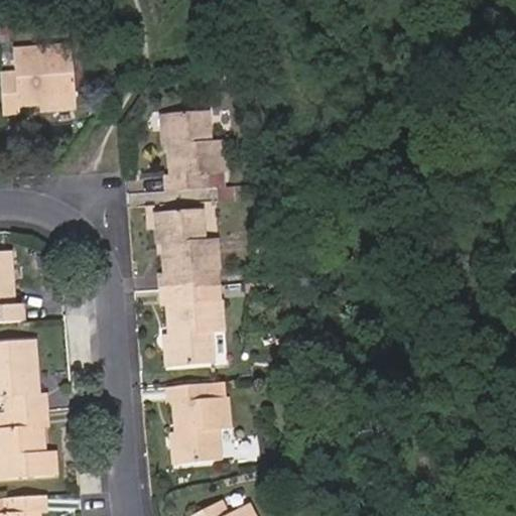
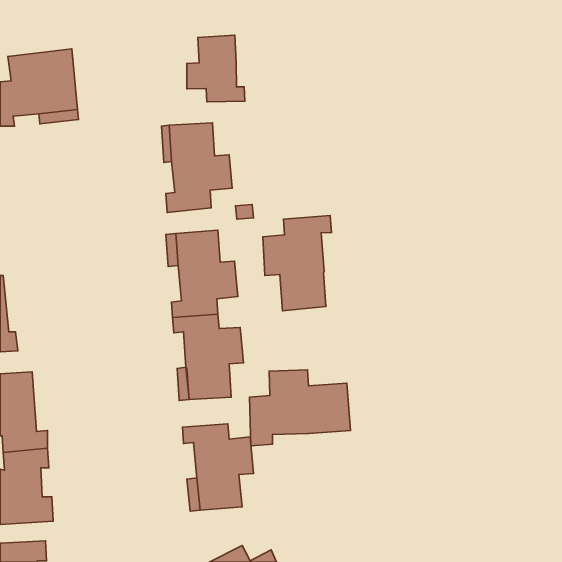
building: none -> [187,35,245,102]
building: none -> [263,216,331,311]
building: none -> [249,370,351,446]

